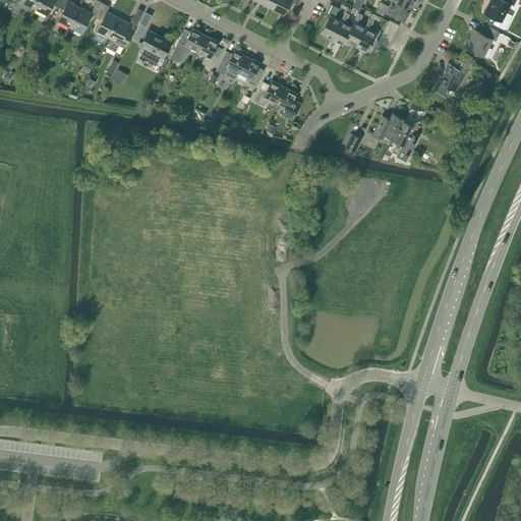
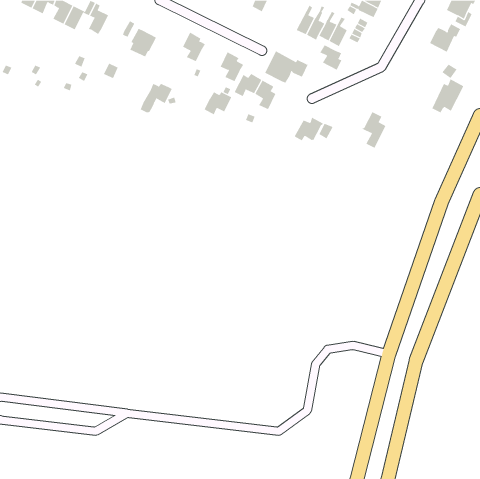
building: [107,17,138,52] -> none
building: [170,30,206,62] -> [140,83,173,113]
building: none -> [320,44,342,71]
building: [216,51,246,76] -> [204,92,232,115]
building: none -> [265,50,308,83]
building: [435,58,470,96] -> [431,79,464,113]
building: [372,113,405,139] -> [294,117,324,141]

